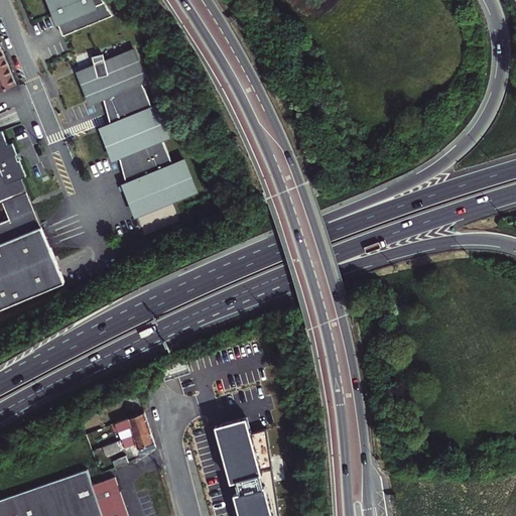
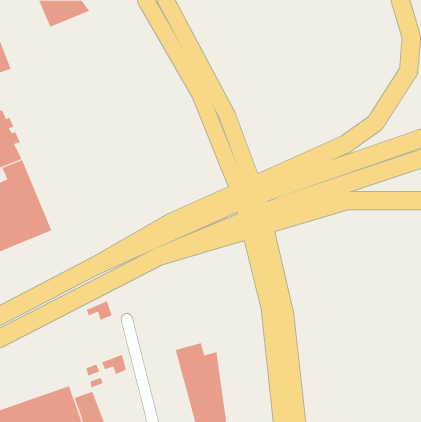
building: [75,48,197,219] -> none
building: [117,414,149,438] -> [86,301,112,320]

